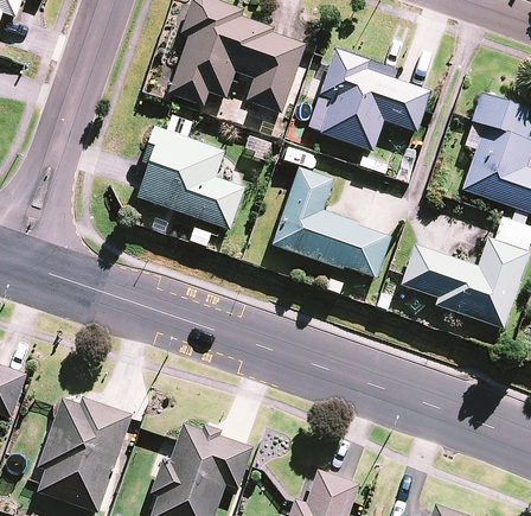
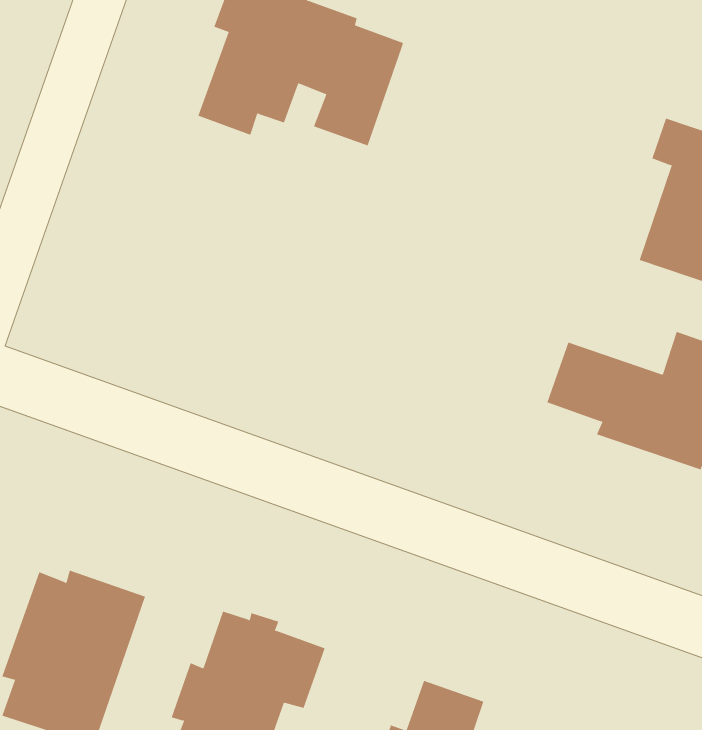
building: [319,50,429,152] -> none
building: [135,127,244,230] -> none
building: [270,167,389,279] -> none

